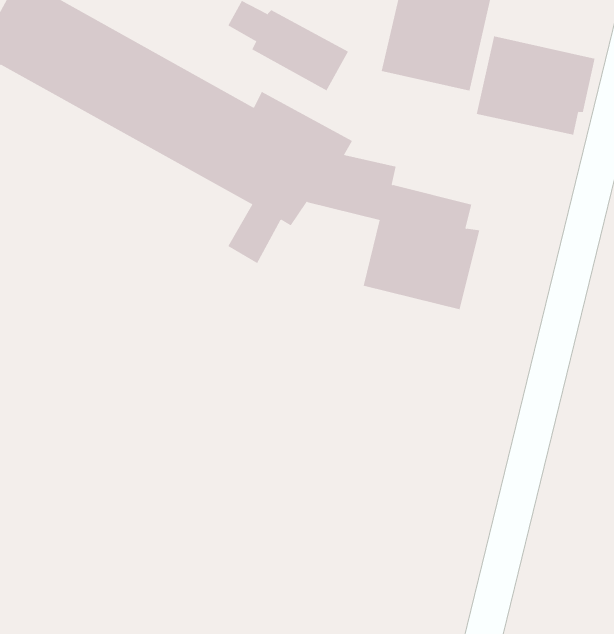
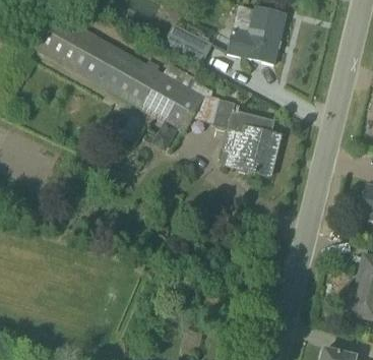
building: [476,36,595,135] -> none

